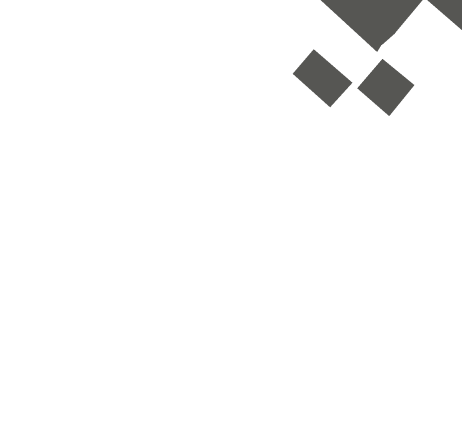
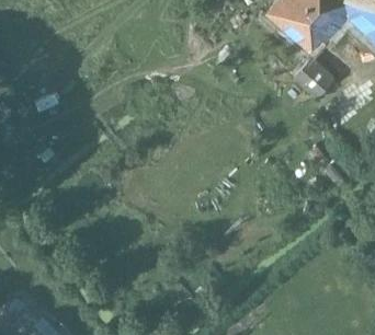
building: [292,48,354,108] -> none

